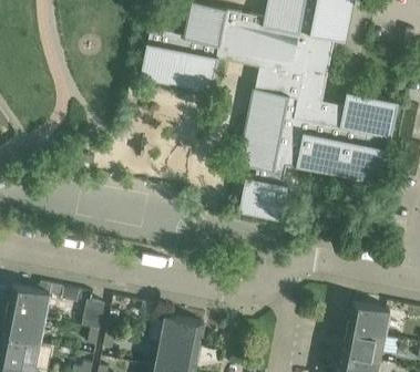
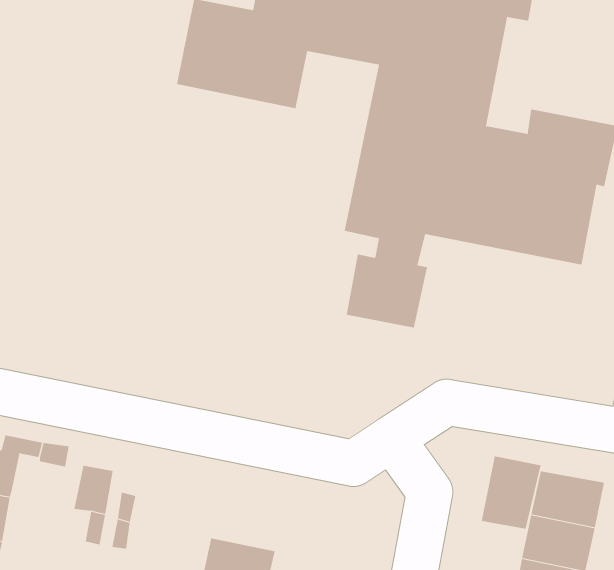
building: none -> [481,456,541,530]
building: [148,316,203,350] -> none

